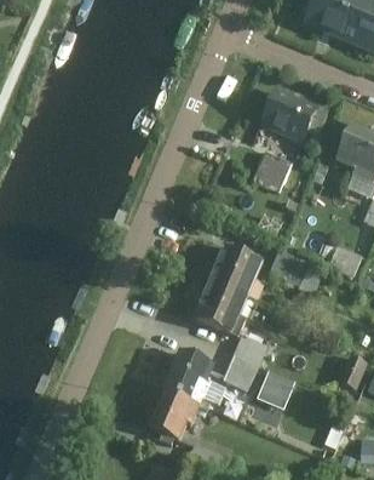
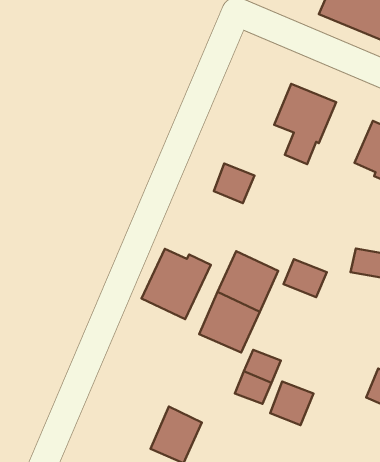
building: [253,154,290,190] -> [214,164,255,203]
building: none -> [142,249,211,319]
building: [163,349,211,401] -> none

